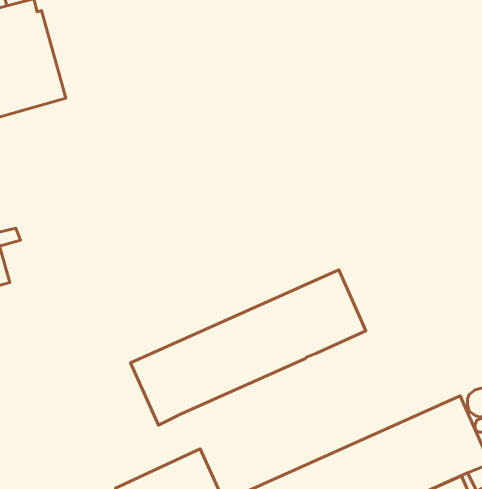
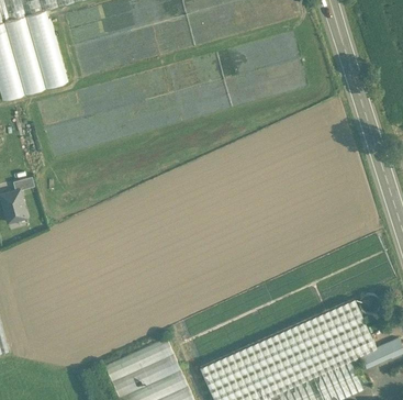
building: [131,270,366,425] -> none

